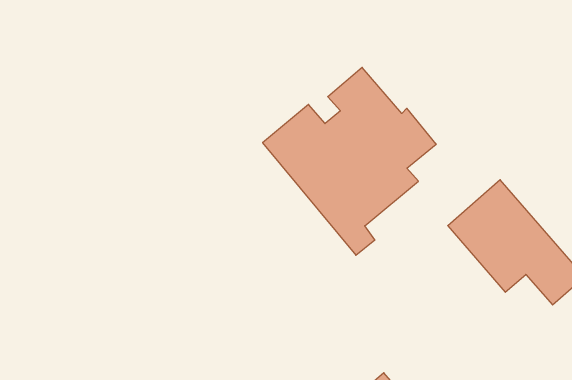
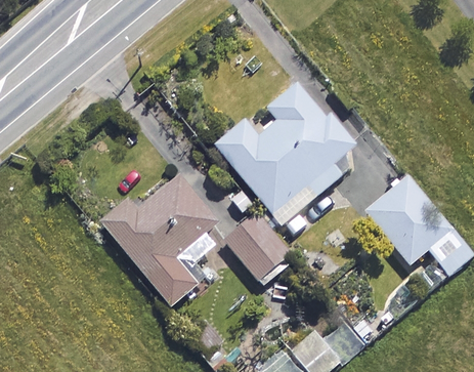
building: none -> [101,176,218,306]
building: none -> [225,214,292,284]

